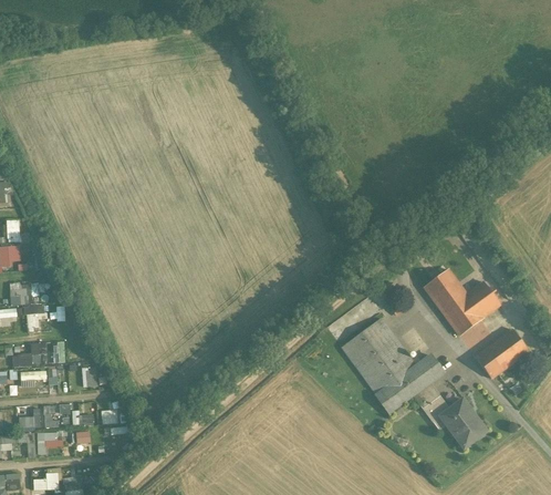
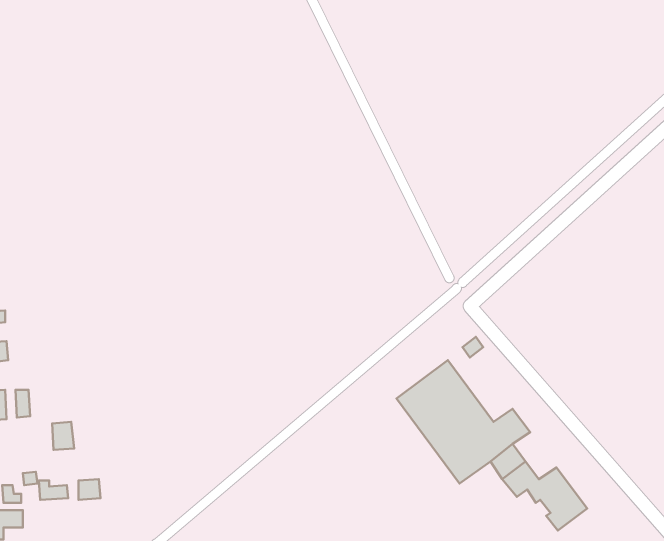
building: [423,269,499,336] -> none
building: [474,330,527,379] -> none

